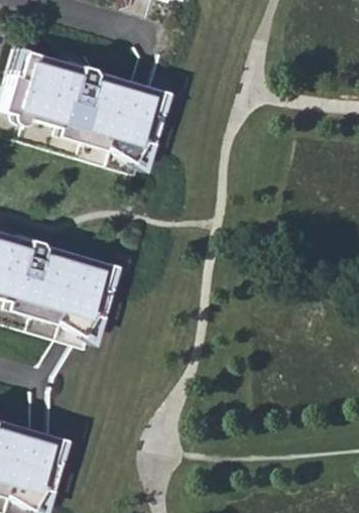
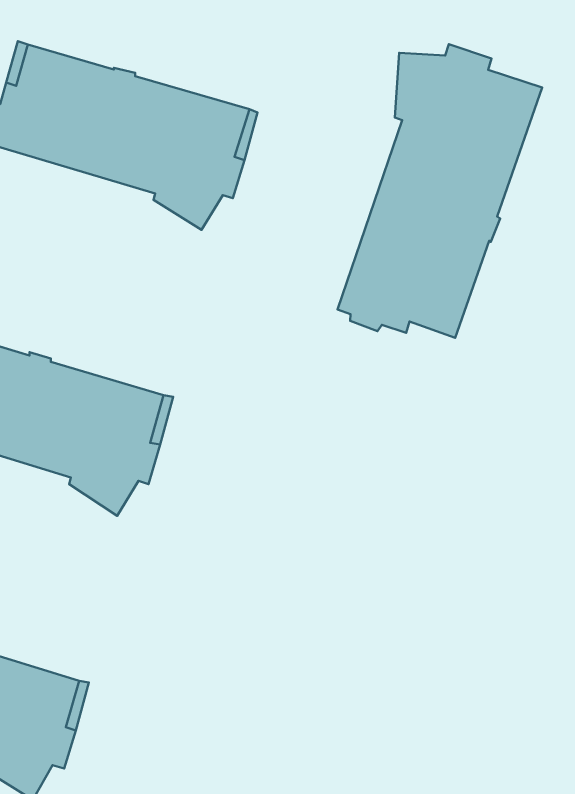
building: none -> [338,44,542,338]

